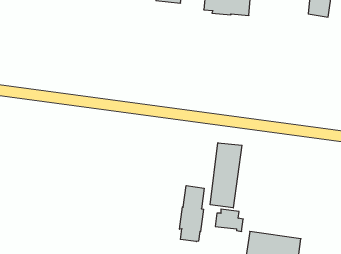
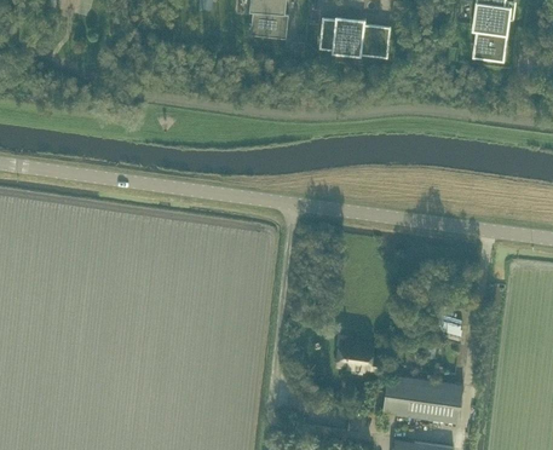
building: [210,143,242,208] -> none
building: [180,186,204,242] -> none

